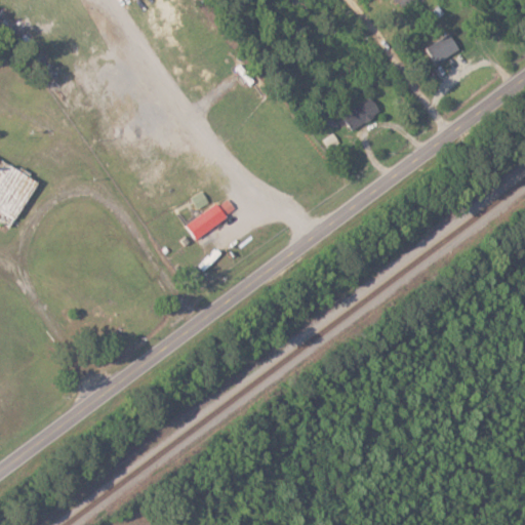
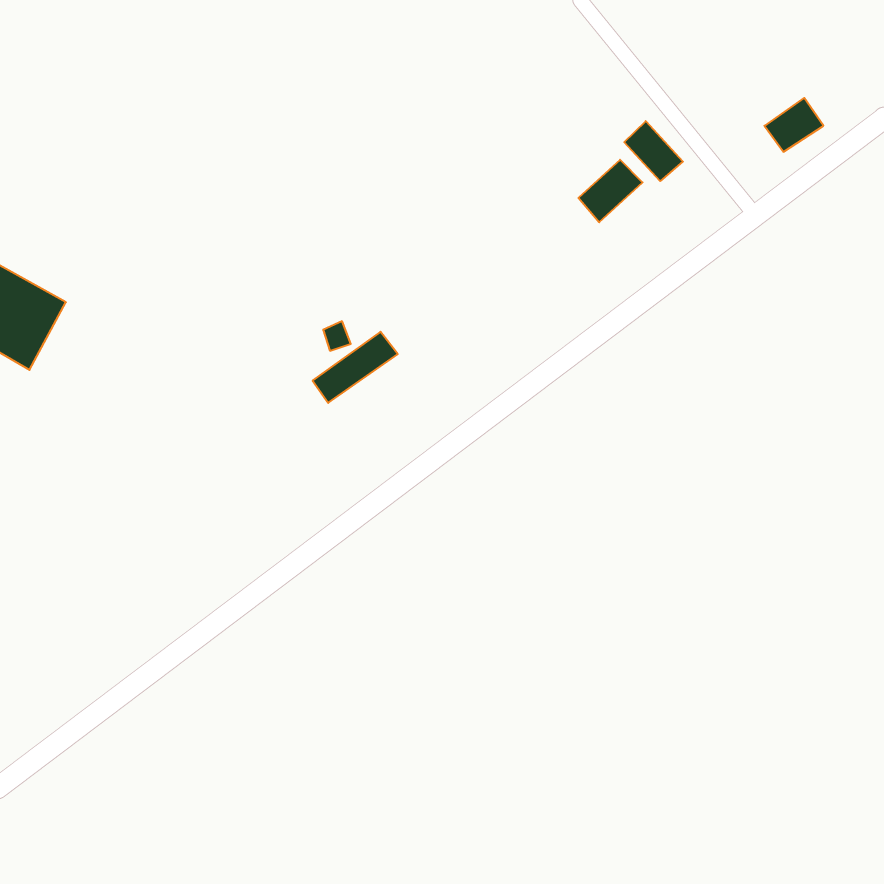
building: [425,33,459,65] -> [764,98,823,152]
building: none -> [624,121,683,181]

